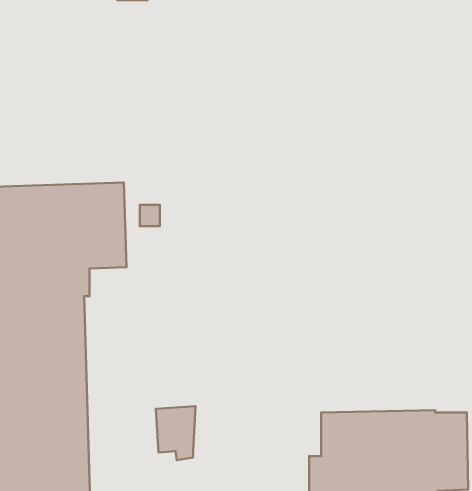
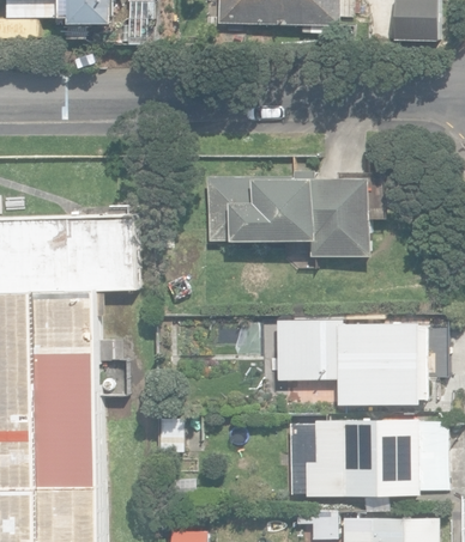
building: none -> [204,170,372,260]
building: none -> [273,322,424,404]

